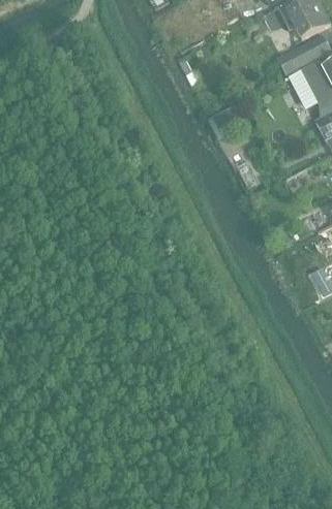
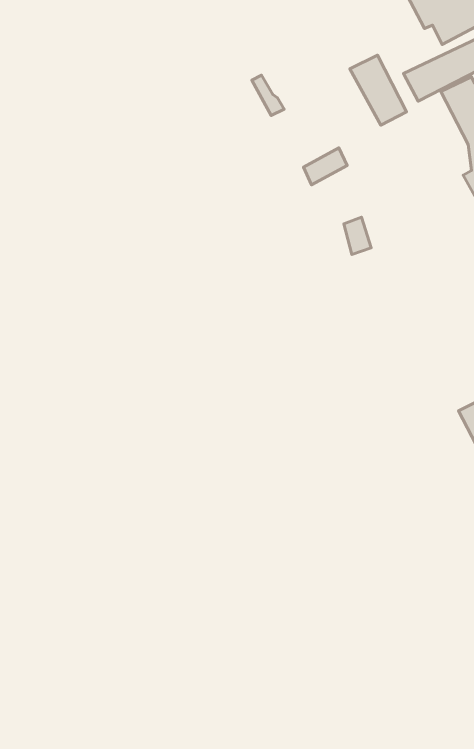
building: none -> [350,55,406,125]

